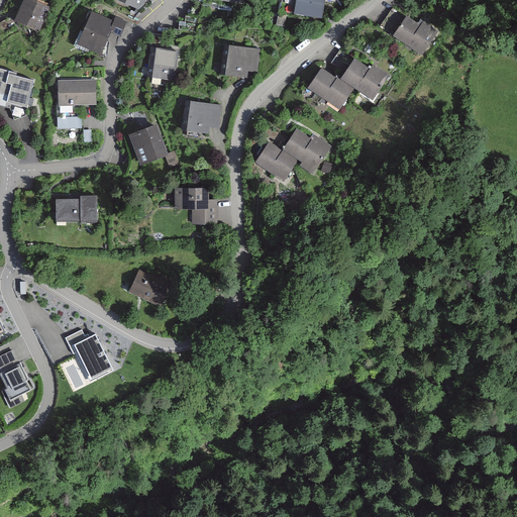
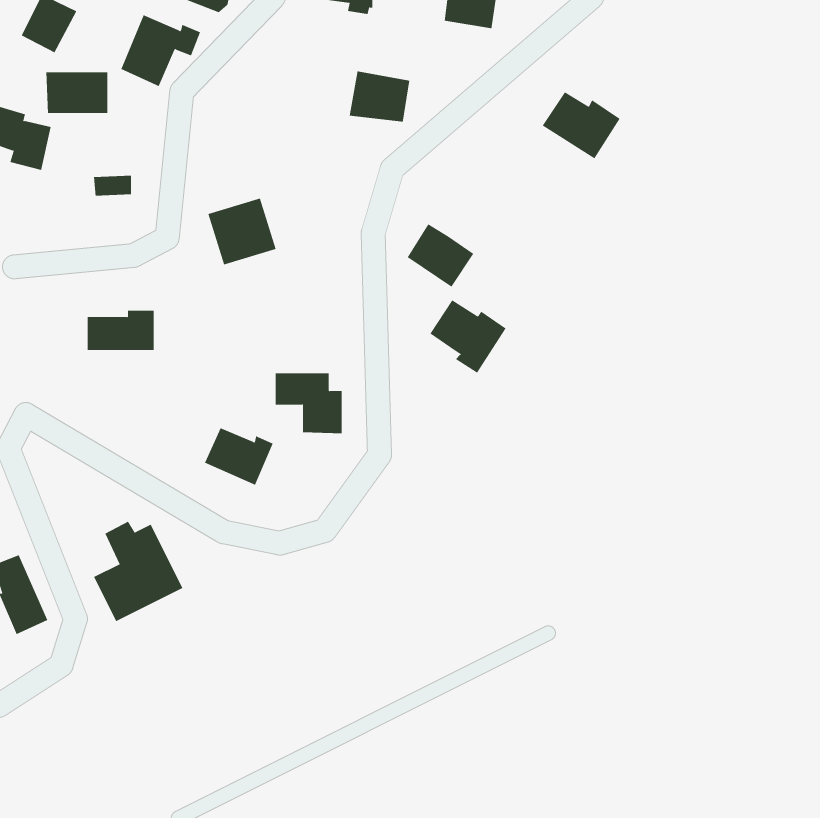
building: [379,6,438,55] -> none
building: [146,46,179,80] -> none
building: [307,67,353,109] -> none
building: [57,79,96,105] -> [46,72,108,114]
building: [185,99,225,130] -> none
building: [282,127,330,174] -> [429,300,507,374]
building: [175,188,217,226] -> [275,373,342,434]

